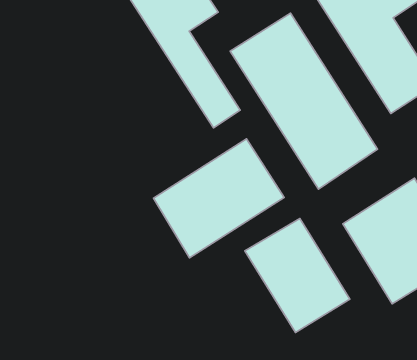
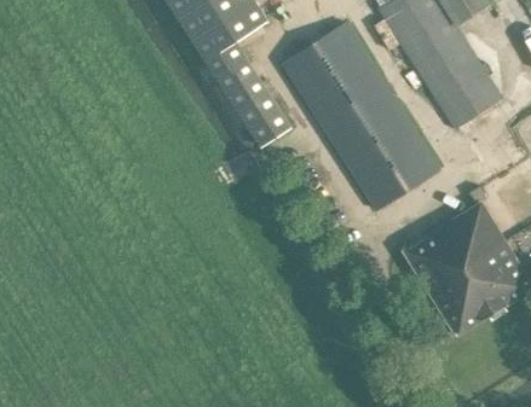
building: [154,139,284,258] -> none
building: [245,219,350,333] -> none

